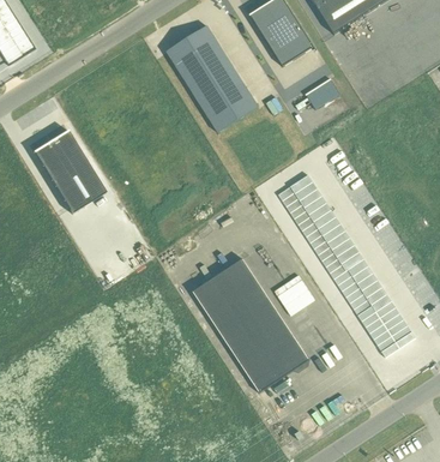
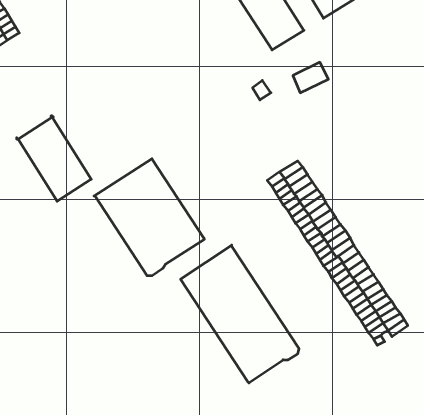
building: [165,24,258,132] -> none
building: none -> [94,159,204,276]

